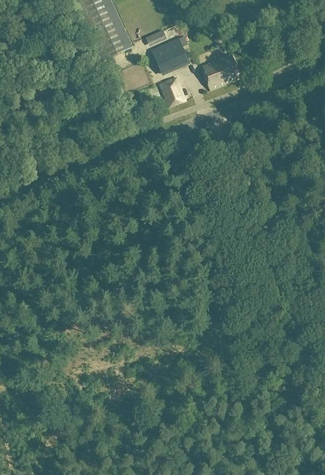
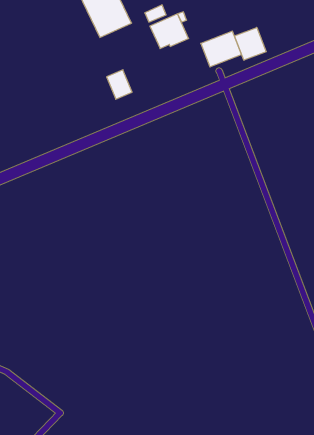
building: none -> [235,27,266,60]
building: [160,77,185,106] -> [107,70,132,99]

